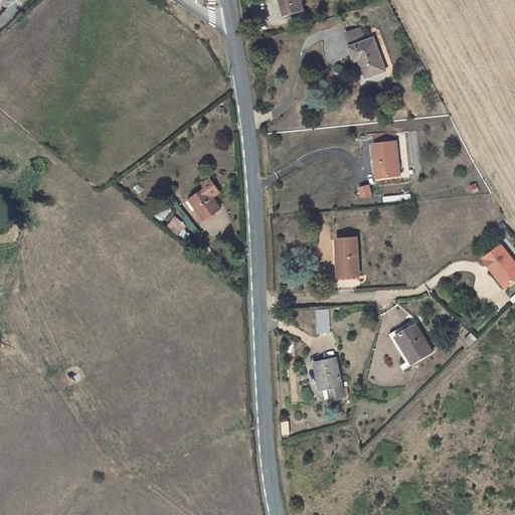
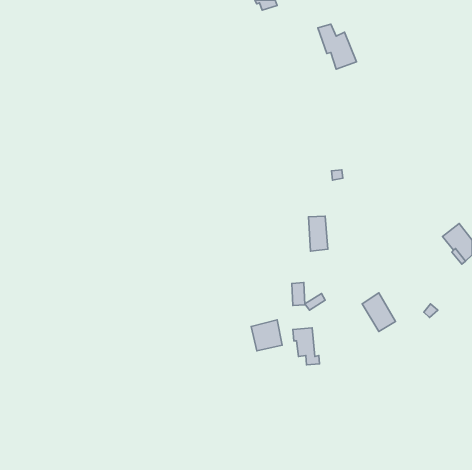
building: [371,142,395,175] -> none
building: [181,183,216,223] -> none
building: none -> [251,320,282,351]

